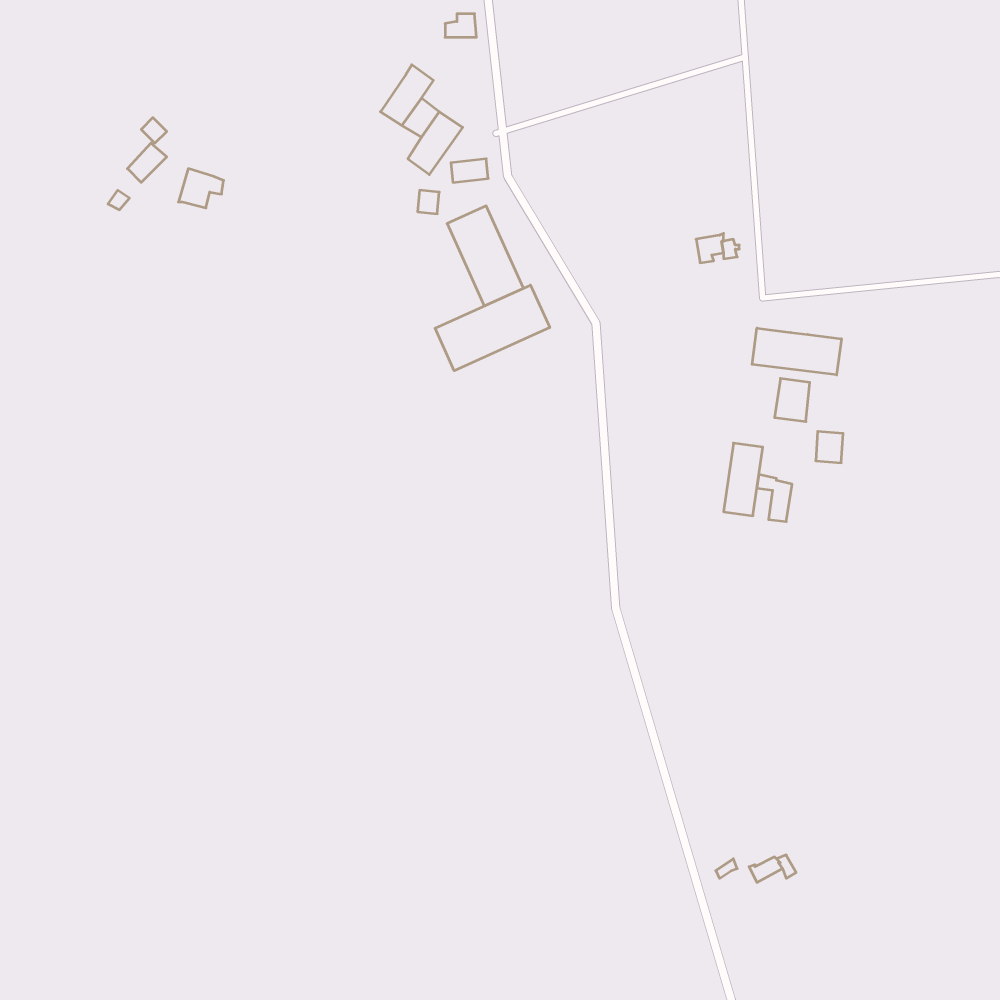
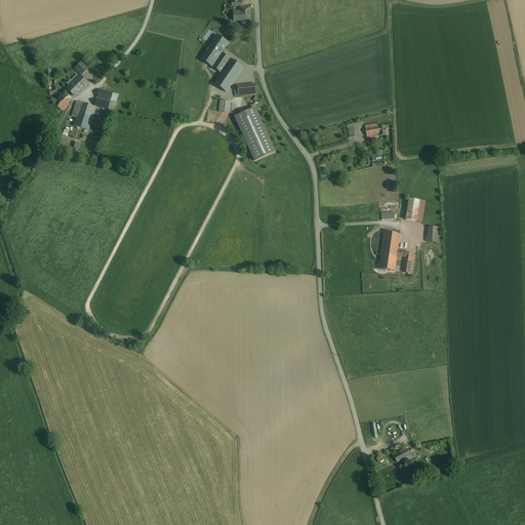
building: none -> [71,100,95,130]
building: [435,285,550,371] -> none
building: [752,328,841,375] -> none

